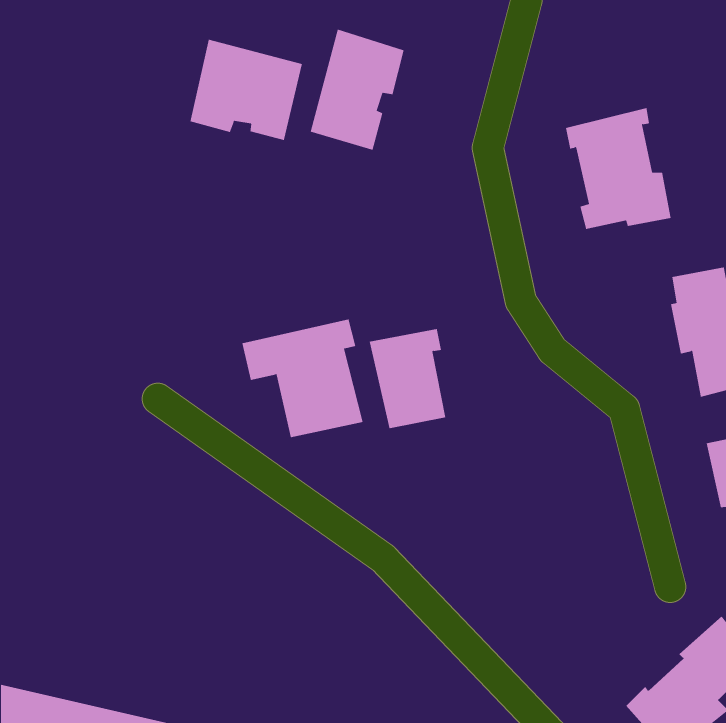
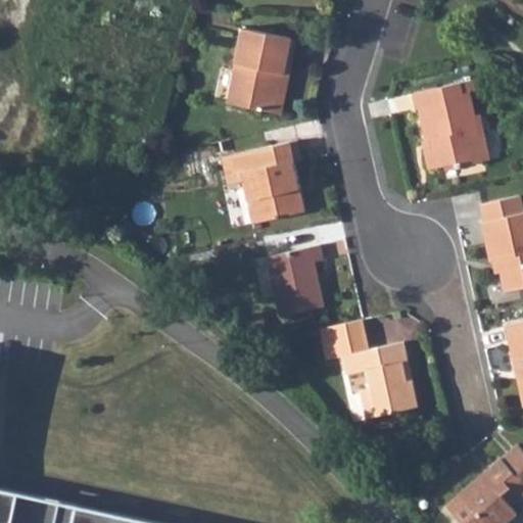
building: [190,39,303,141] -> none
building: [241,319,363,438] -> [217,137,303,222]
building: none -> [320,318,417,416]

